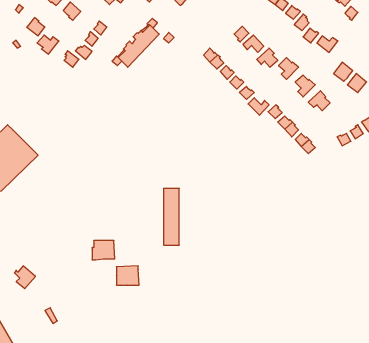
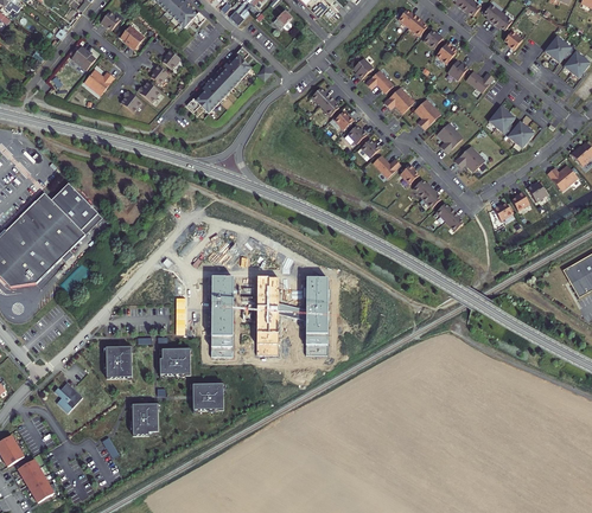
building: none -> [52,181,103,232]
building: none -> [211,276,233,357]
building: none -> [306,277,329,354]
building: none -> [106,346,132,377]
building: none -> [133,403,159,434]

